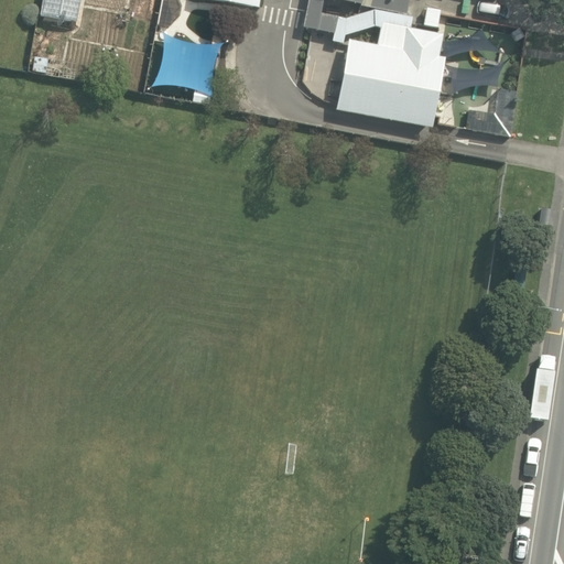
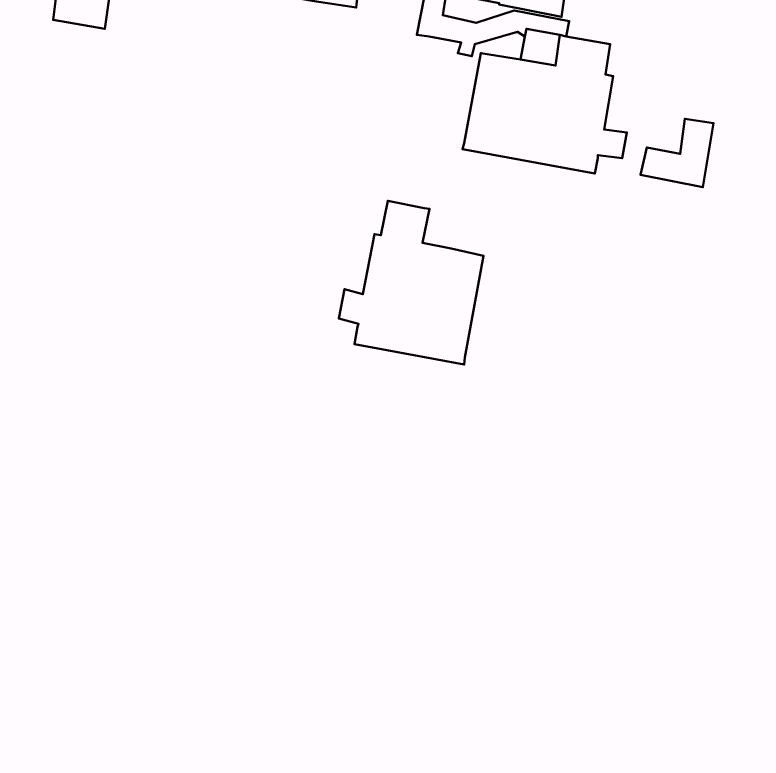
building: none -> [339,201,484,364]

